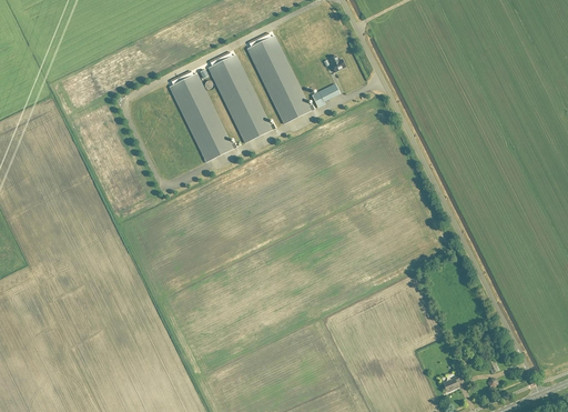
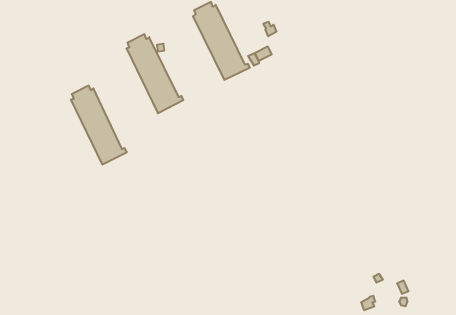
building: [207,51,273,143] -> [71,86,127,164]

